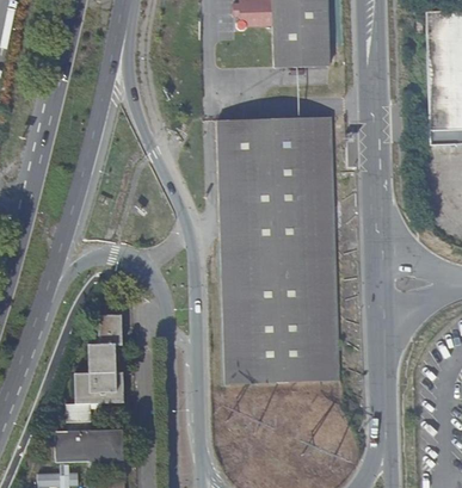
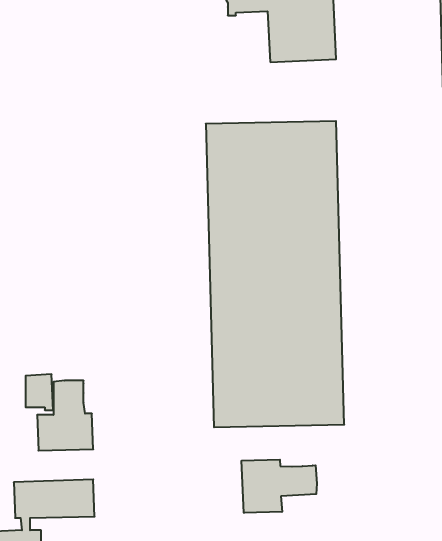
building: [97,313,121,344] -> [26,374,53,410]
building: none -> [242,460,317,513]

